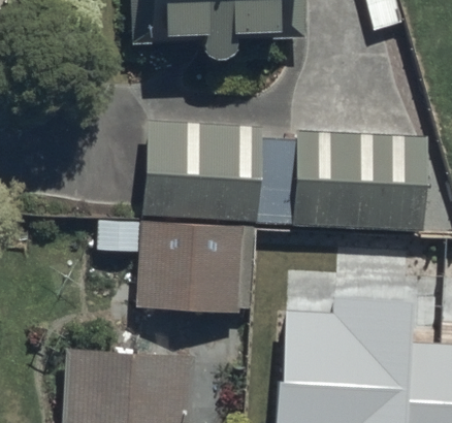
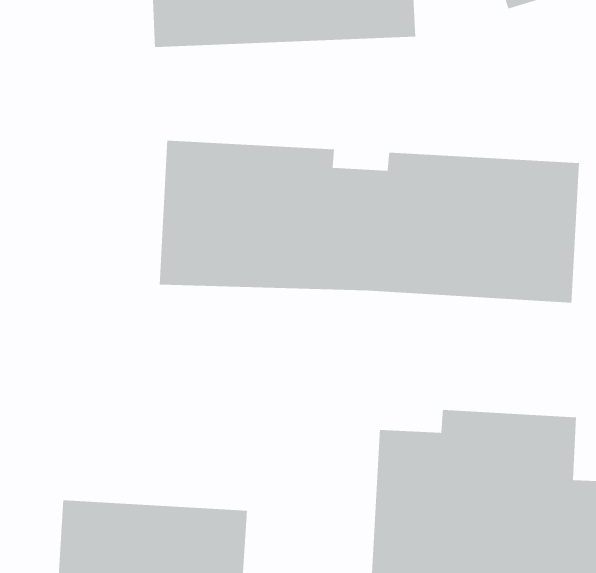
building: [92,213,277,306] -> none

